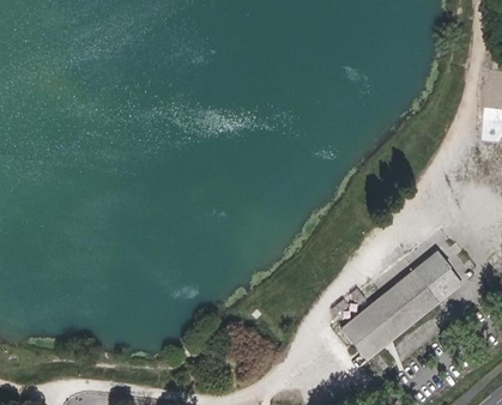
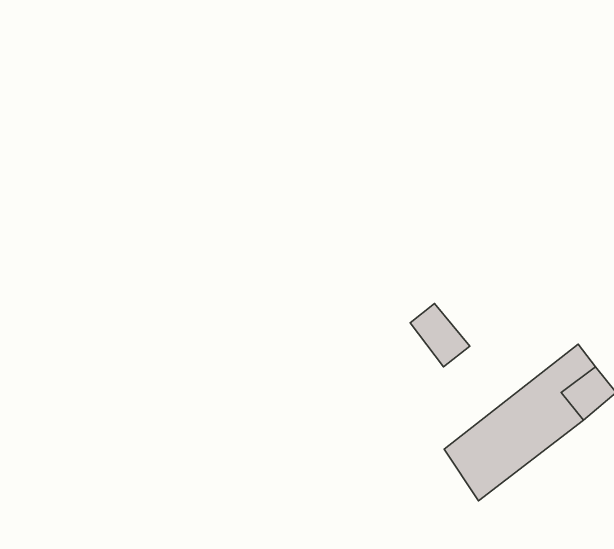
building: none -> [410,303,470,367]

